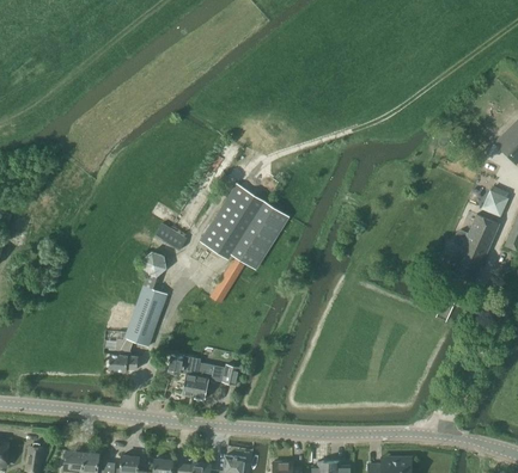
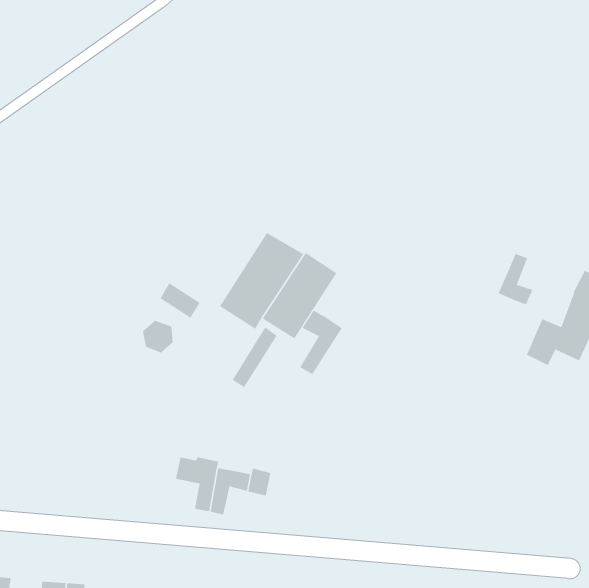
building: none -> [498,253,533,305]
building: none -> [300,310,343,375]
building: [109,285,167,371] -> none

